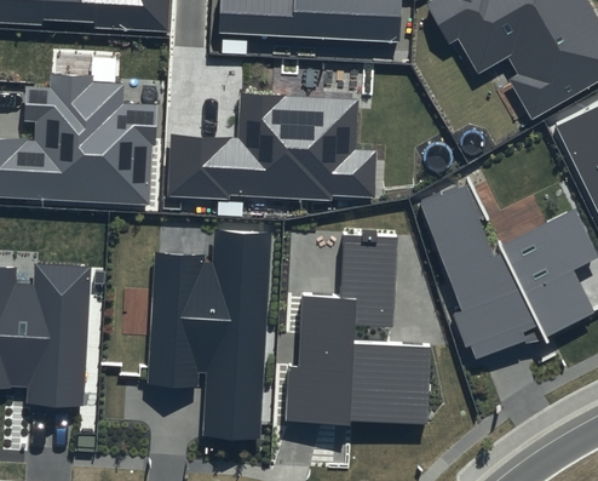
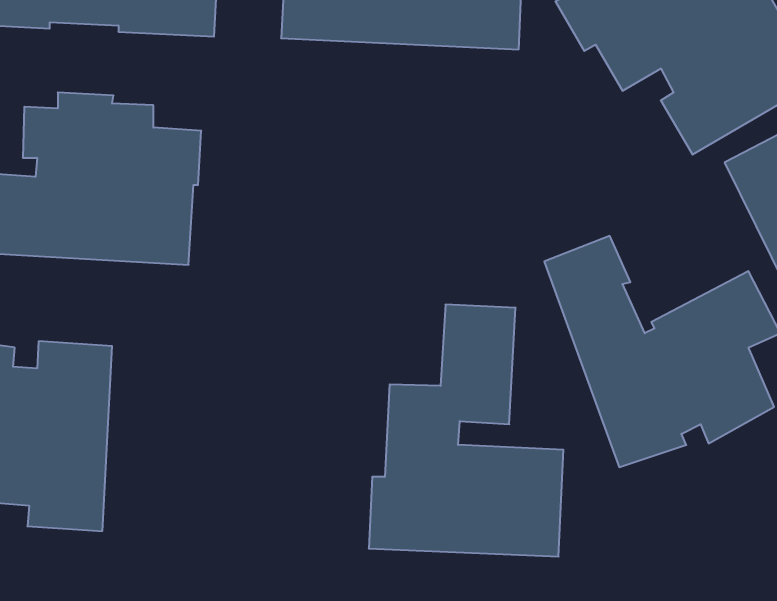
building: [168,95,376,200] -> none
building: [149,228,272,439] -> none

